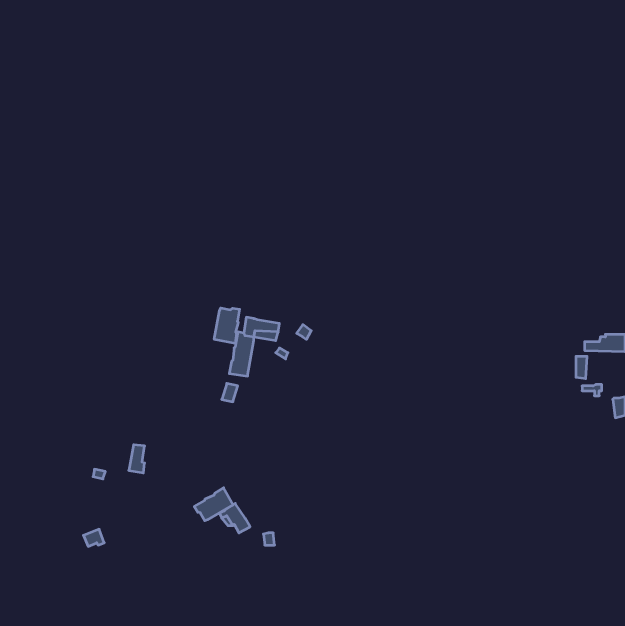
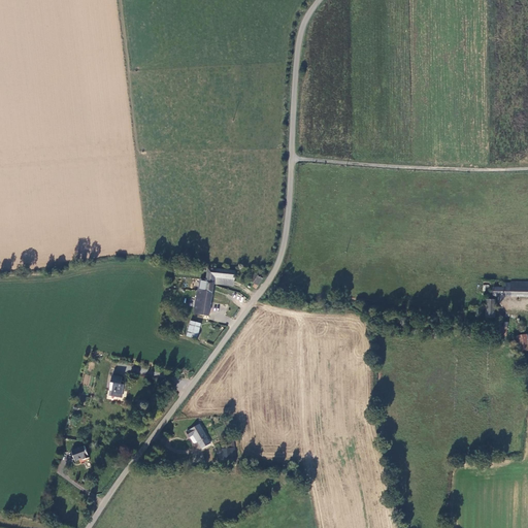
building: [214,308,240,343] -> none
building: [194,488,233,521] -> none

